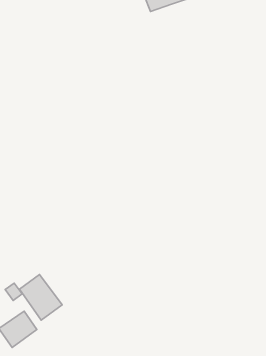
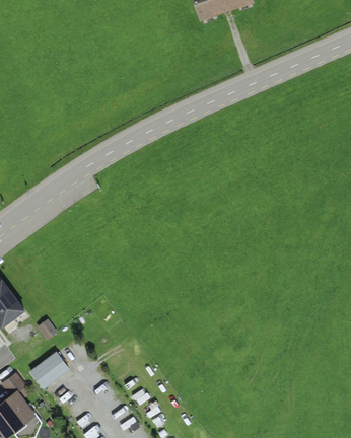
building: [20,275,62,320] -> none

